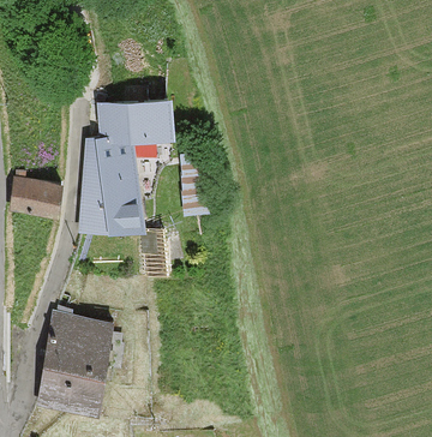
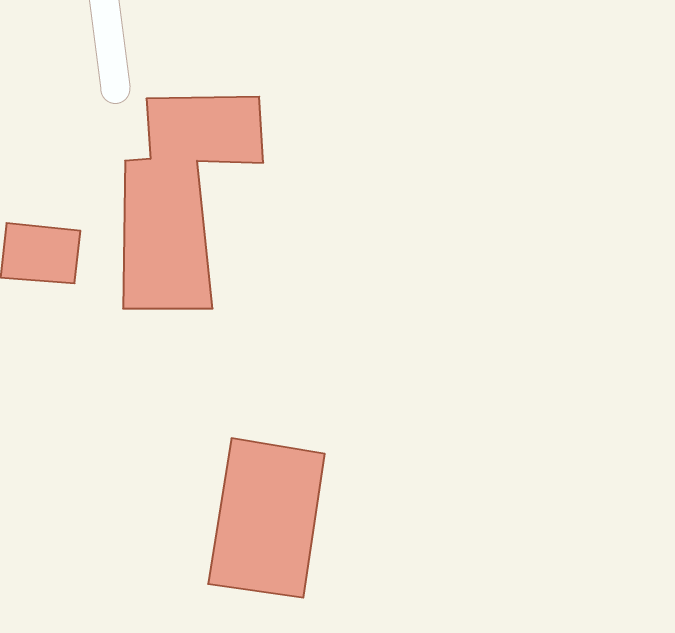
building: [40,313,112,412] -> [208,438,325,598]

